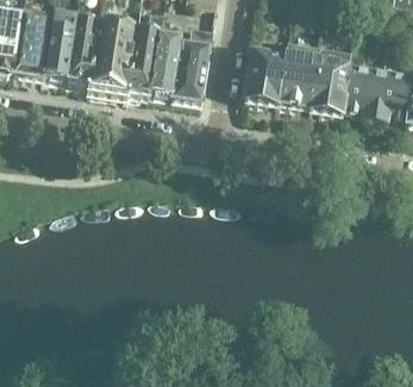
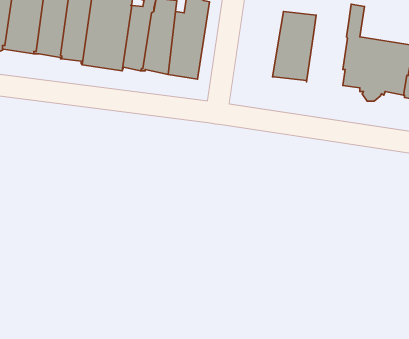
building: [244,36,287,100] -> none
building: [309,39,351,111] -> none

